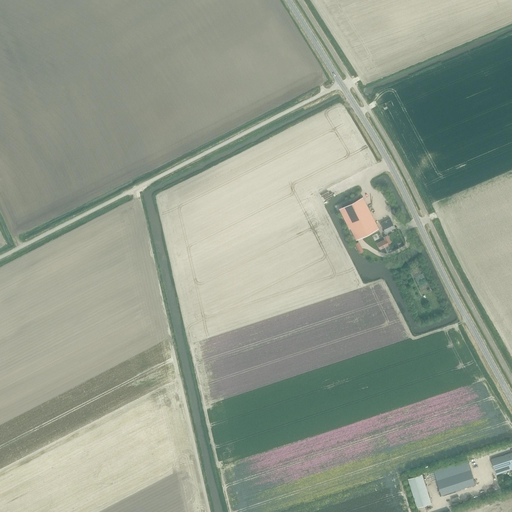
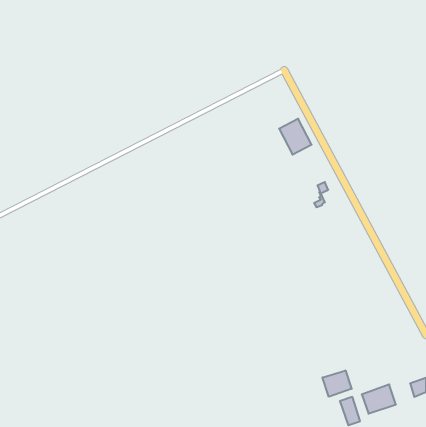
building: [339,197,378,240] -> [279,119,312,155]
building: none -> [322,370,352,397]

